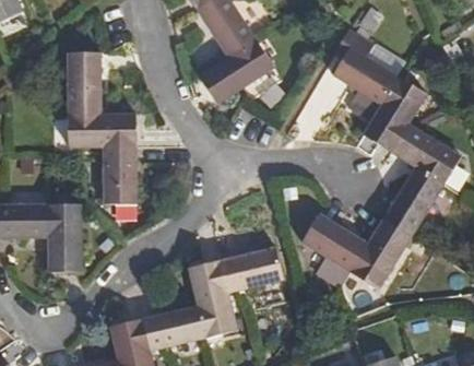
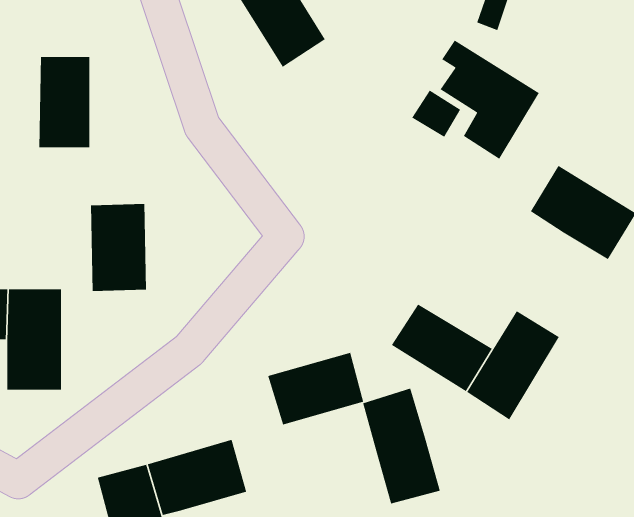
building: [201,40,274,104] -> none
building: [360,75,426,153] -> none
building: [69,111,139,149] -> none
building: [381,167,441,235] -> none
building: [187,260,238,337] -> [362,388,441,505]

